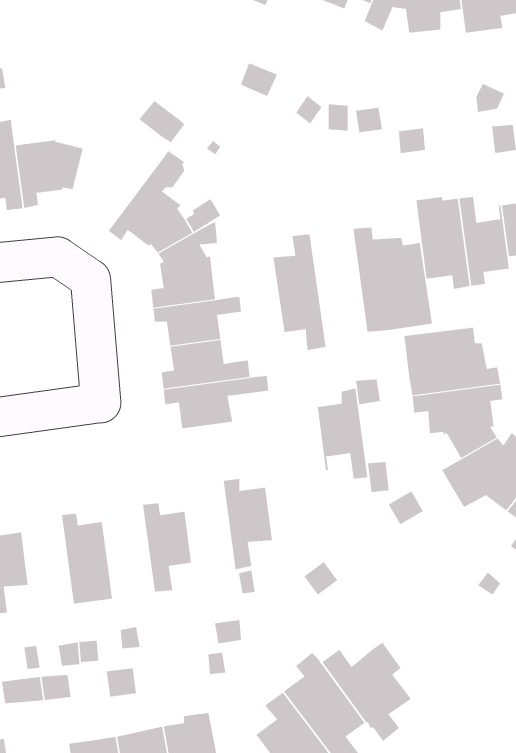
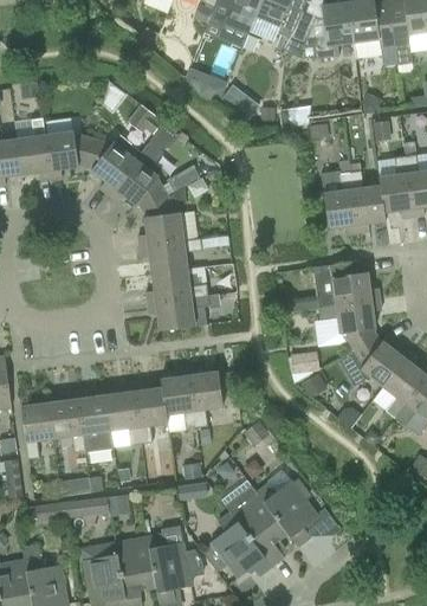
building: none -> [85,135,148,194]
building: [353,227,432,333] -> none
building: [273,233,326,351] -> none
building: [317,388,368,479] -> [161,366,196,428]
building: none -> [105,382,141,445]
building: none -> [50,389,85,452]

